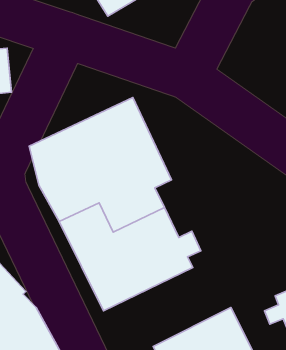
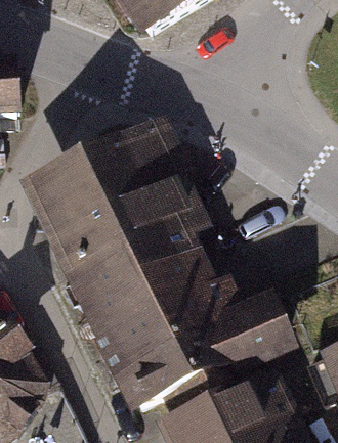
building: none -> [123,306,286,416]

